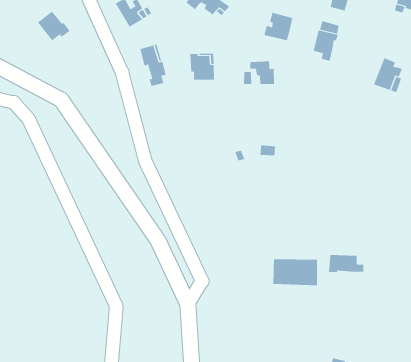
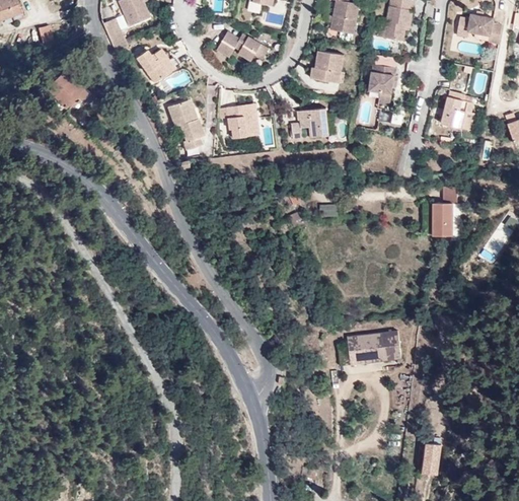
building: none -> [434,186,458,235]
building: [328,254,364,273] -> none

